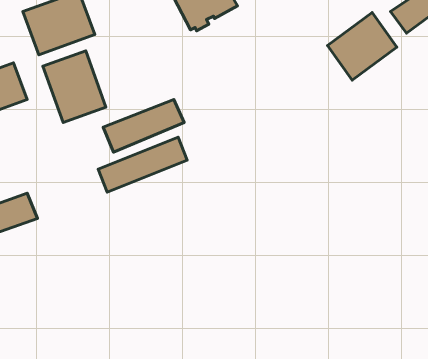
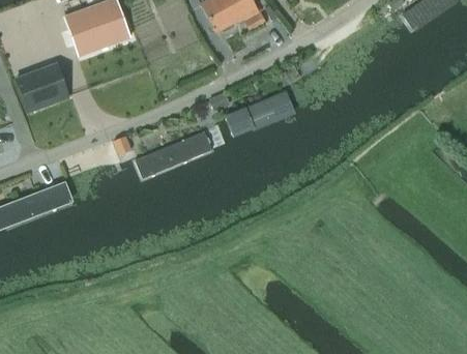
building: [327,13,397,80] -> none
building: [43,51,106,123] -> none
building: [103,100,184,152] -> [225,91,298,139]

